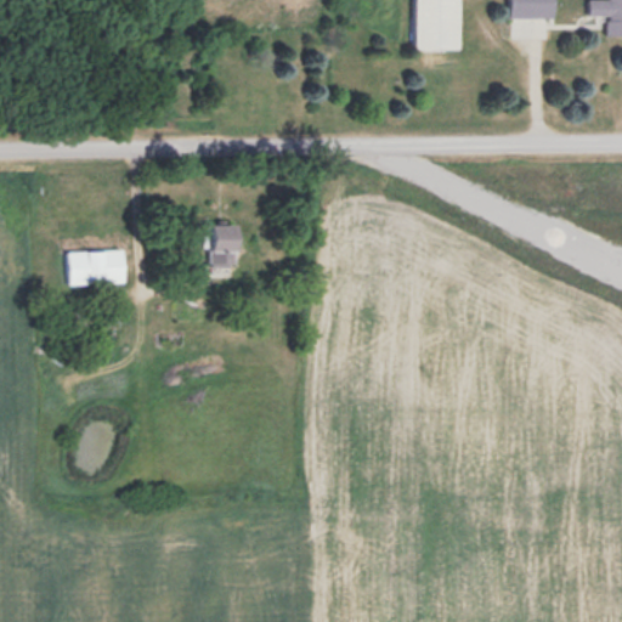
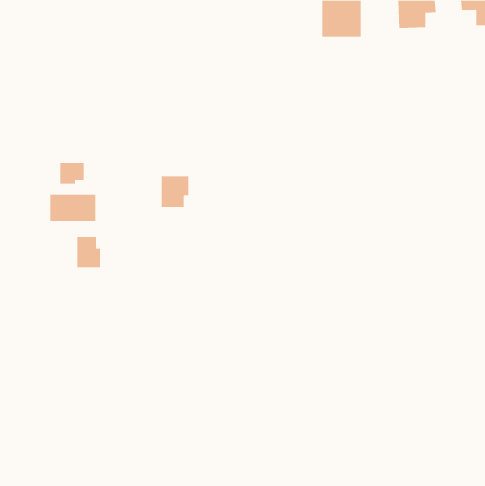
building: none -> [60,162,84,185]
building: none -> [77,236,100,268]

